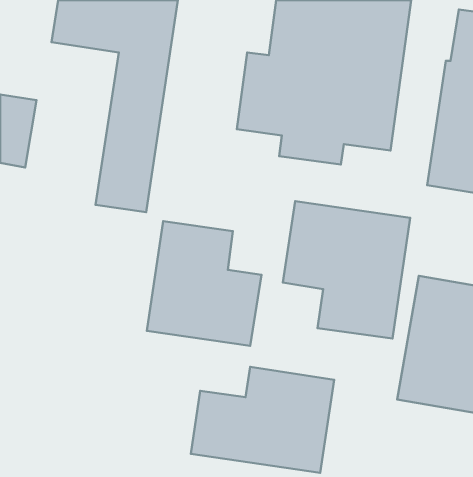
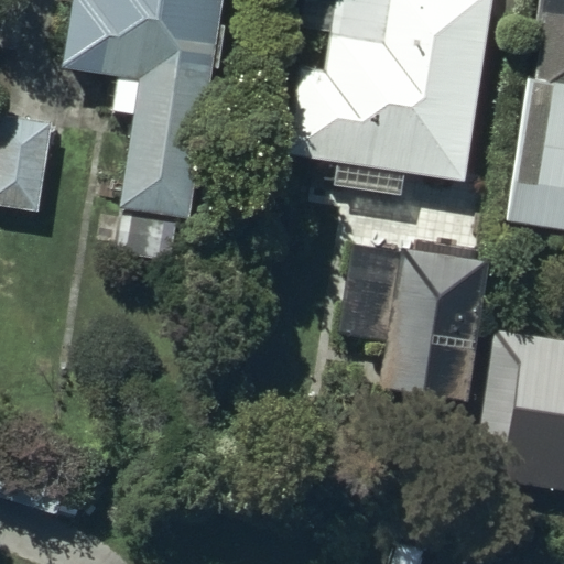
building: [147,221,261,346] -> none
building: [191,367,334,473] -> none

